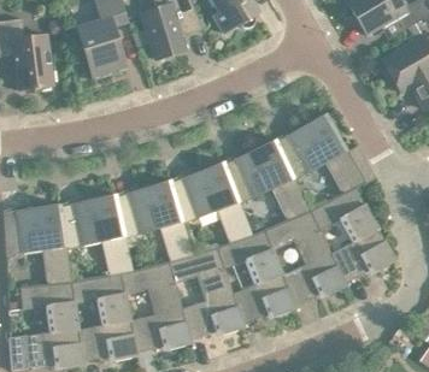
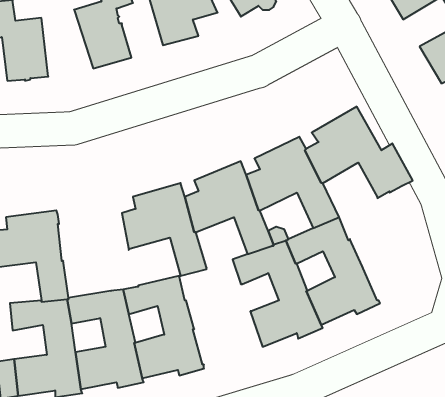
building: [310,187,395,283] -> none
building: [61,193,133,274] -> none
building: [169,247,243,339] -> none

